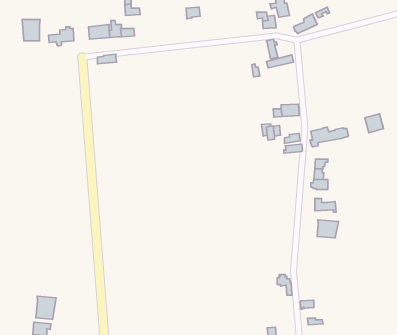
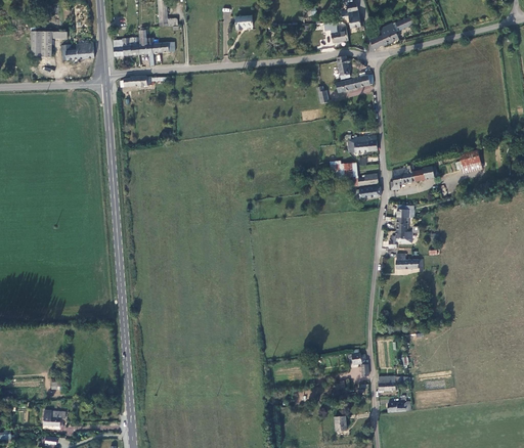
building: [317,220,339,238] -> none
building: [36,296,56,319] -> none

